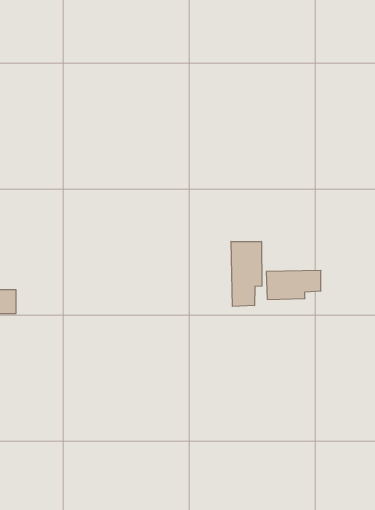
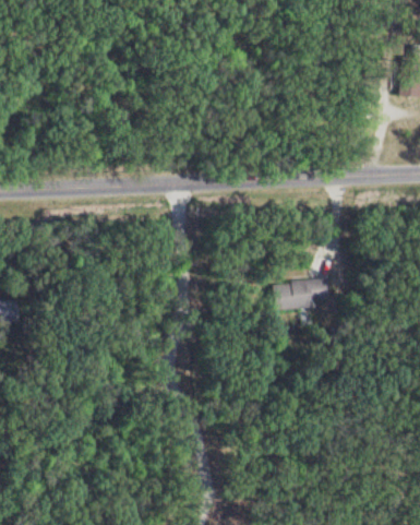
building: [231,241,262,306] -> none

